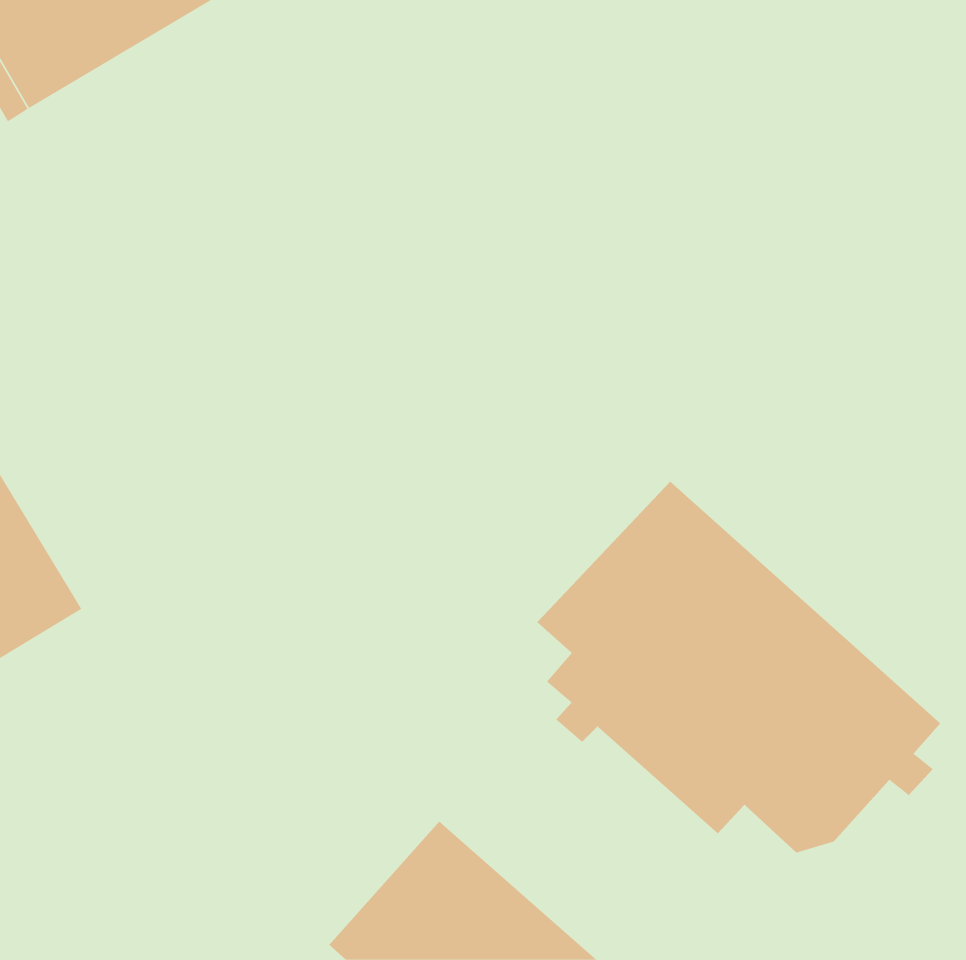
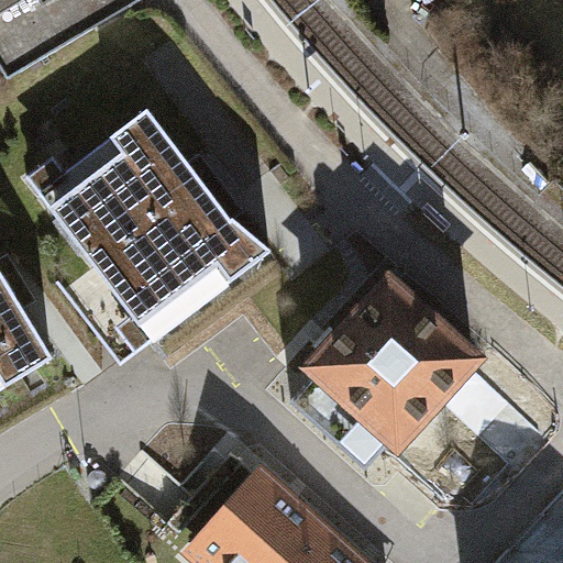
building: none -> [53,102,266,316]

